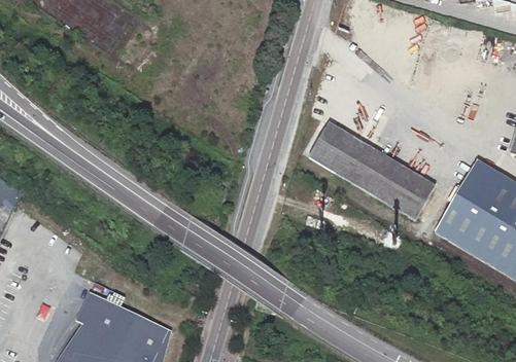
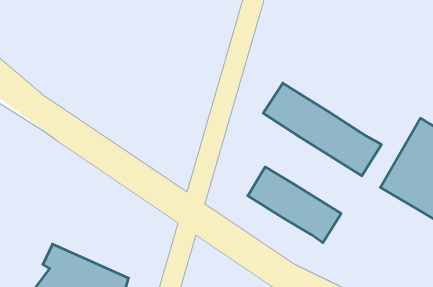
building: none -> [248,167,341,243]

